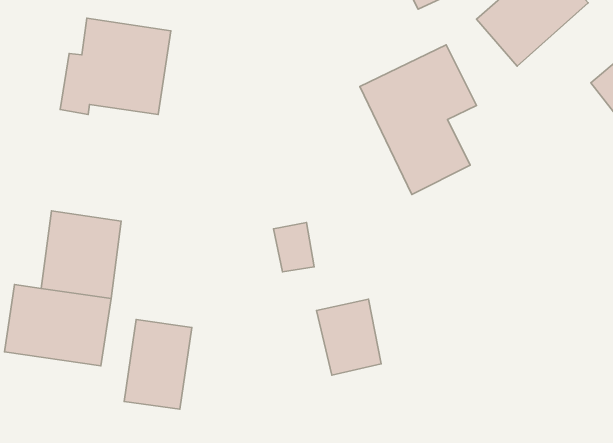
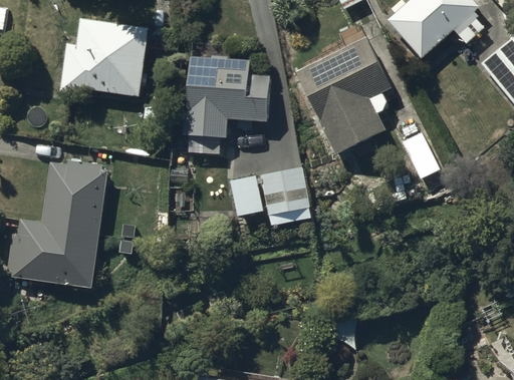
building: none -> [183,54,268,137]
building: [317,299,381,375] -> [260,167,311,228]
building: [124,320,192,409] -> none

